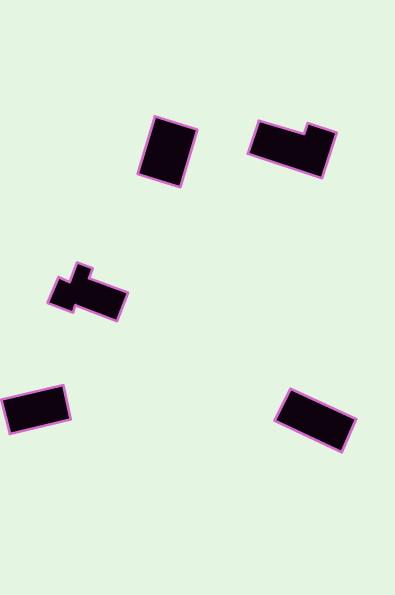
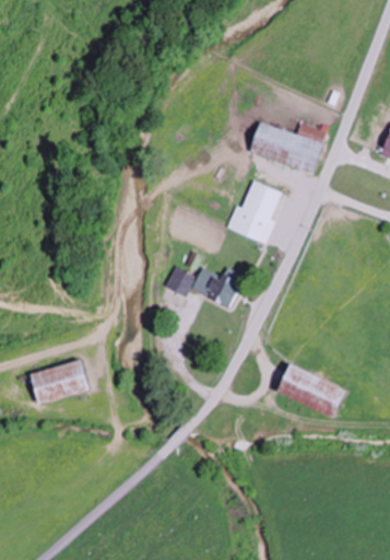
building: [138,116,197,187] -> [232,180,285,244]
building: [48,263,128,321] -> [166,253,238,305]

